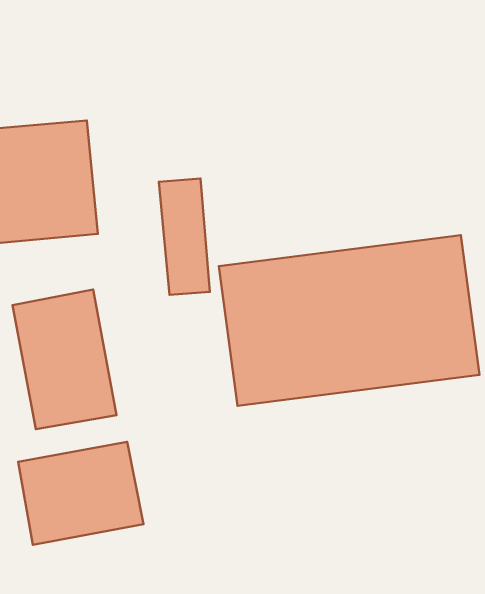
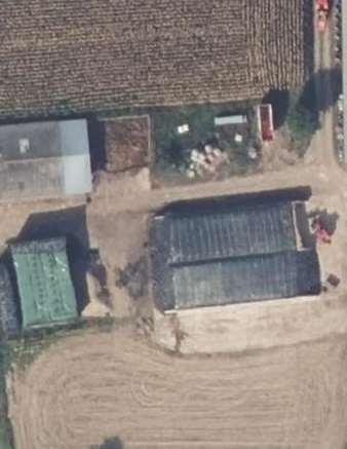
building: [159,179,210,295] -> [59,119,92,196]
building: [18,442,143,545] -> none

